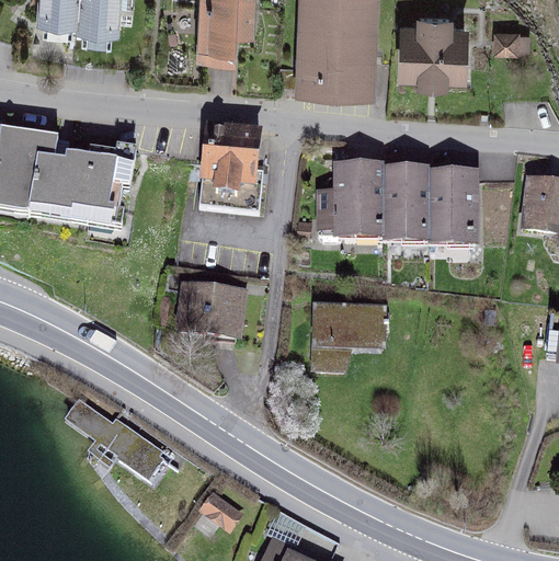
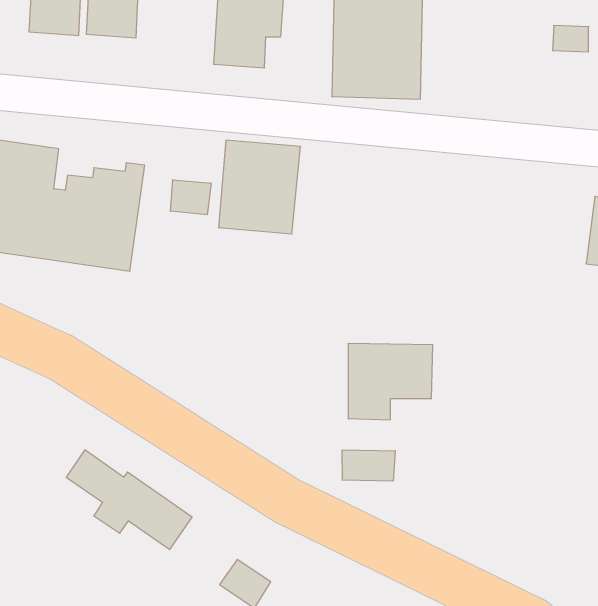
building: [397,9,467,91] -> none
building: [326,153,476,242] -> none
building: none -> [170,180,211,215]
building: [172,284,244,343] -> none
building: none -> [342,450,395,481]

